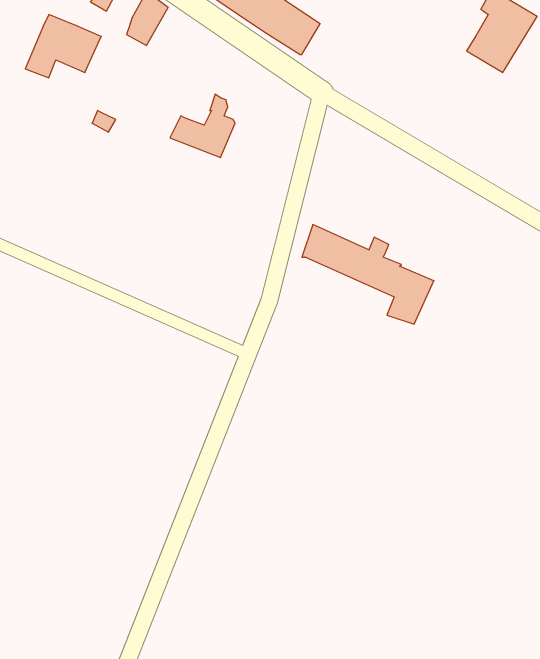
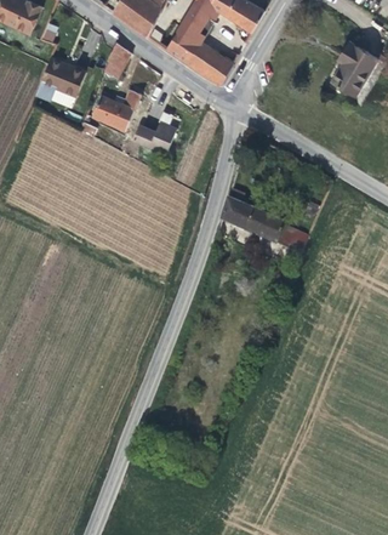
building: none -> [92,89,142,130]

